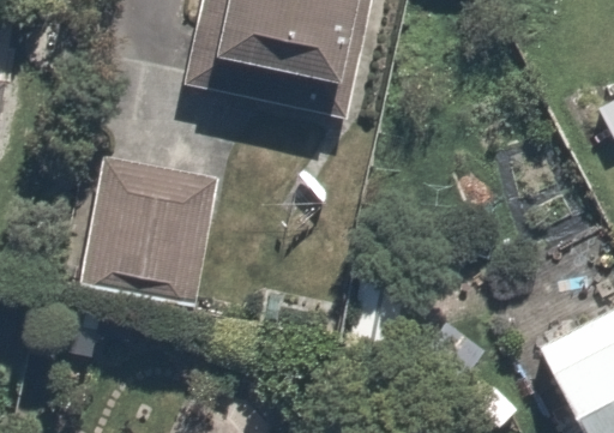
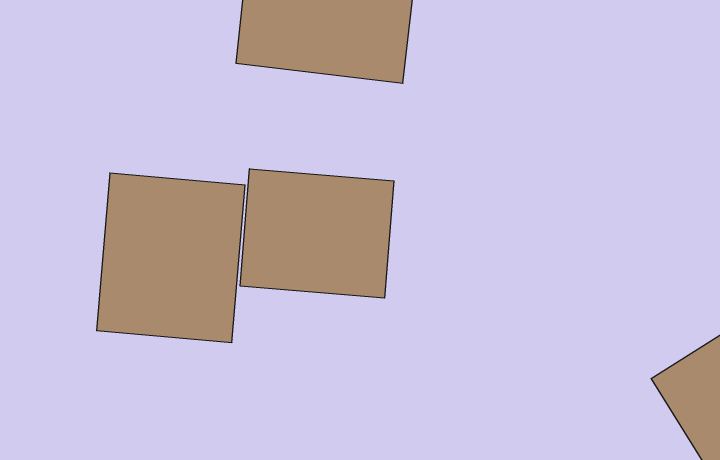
building: none -> [240,169,394,298]

